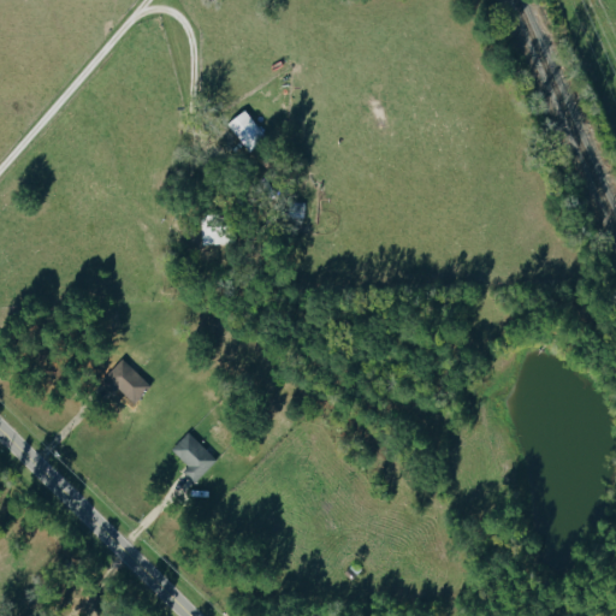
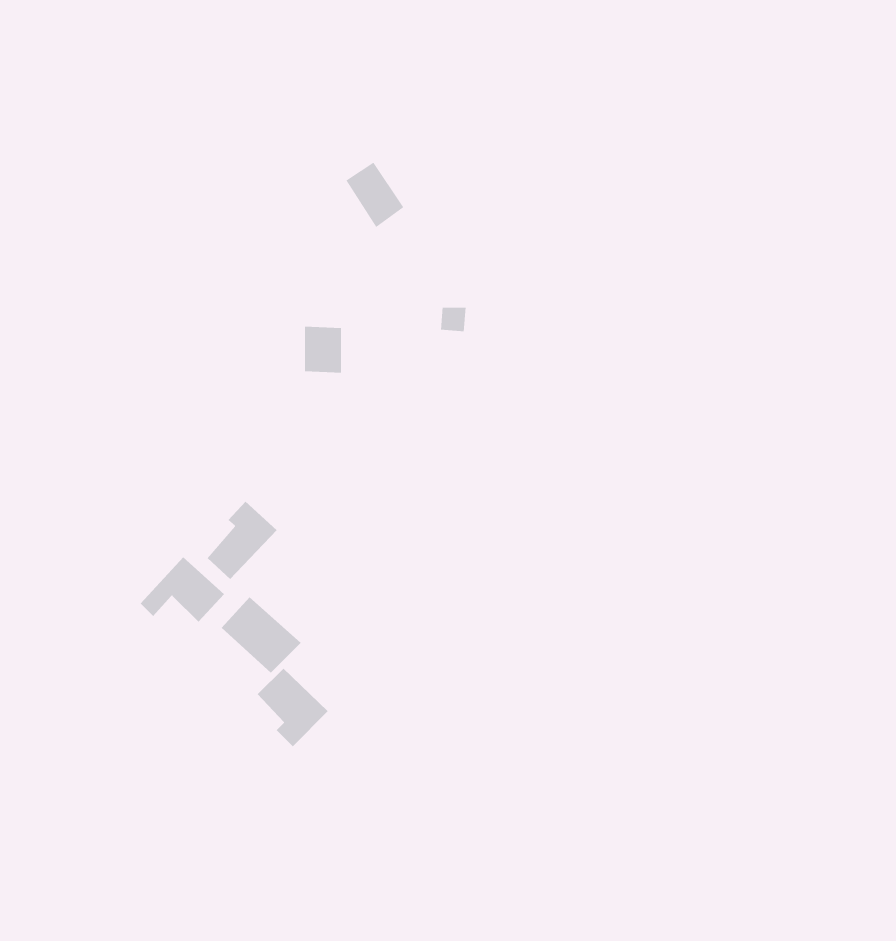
building: none -> [207,501,277,580]
building: none -> [221,597,302,674]

